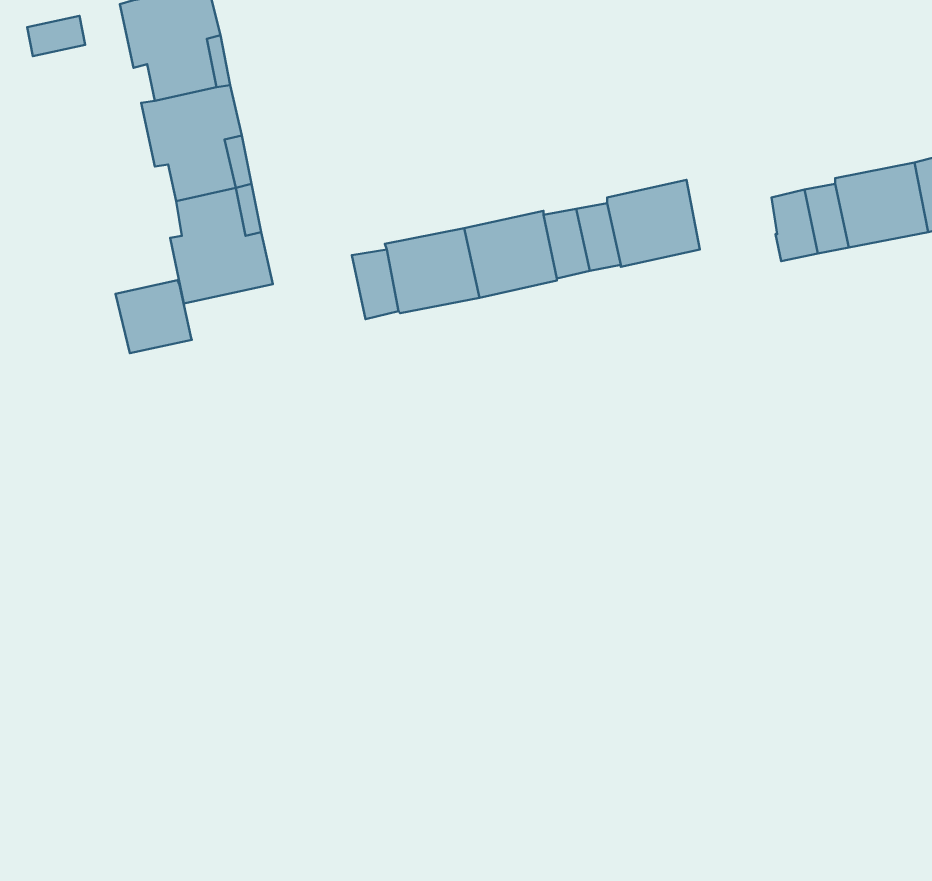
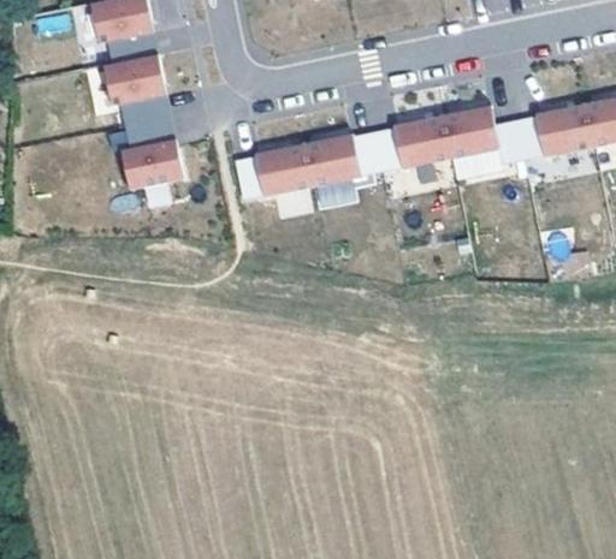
building: none -> [442,105,498,157]
building: [115,280,192,353] -> none

